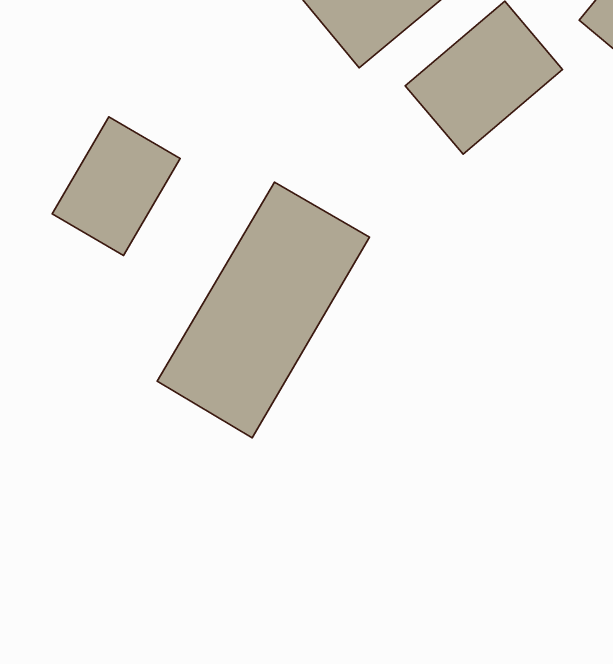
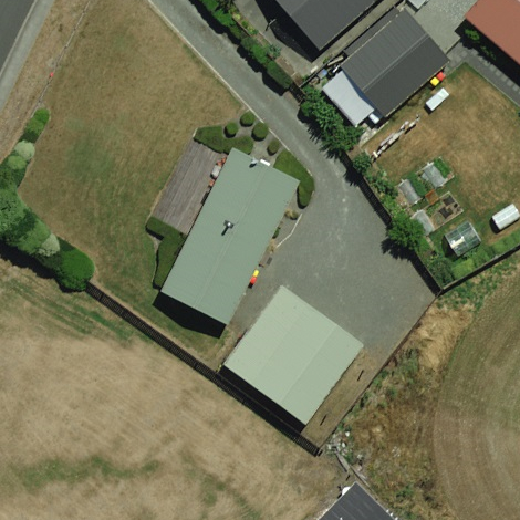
building: [52,117,180,256] -> none
building: none -> [220,280,375,430]

